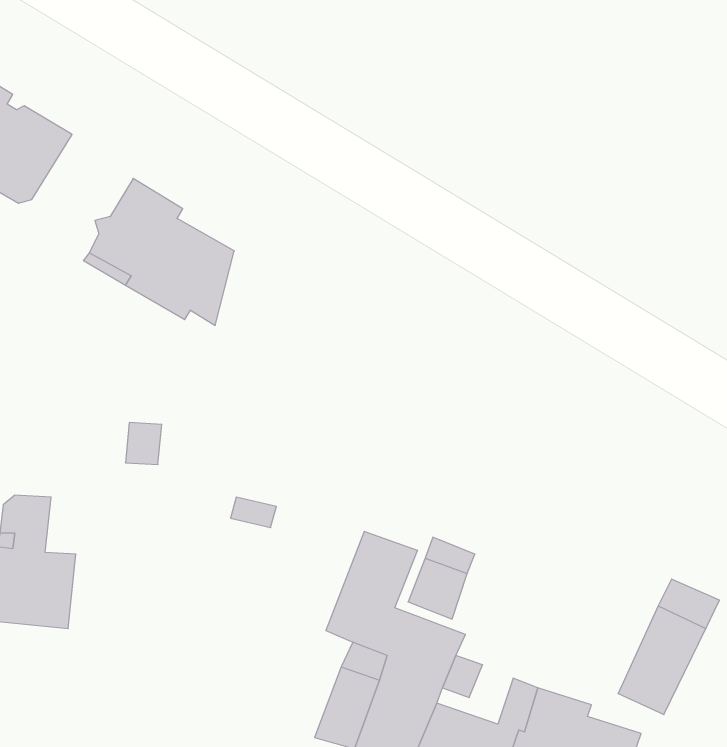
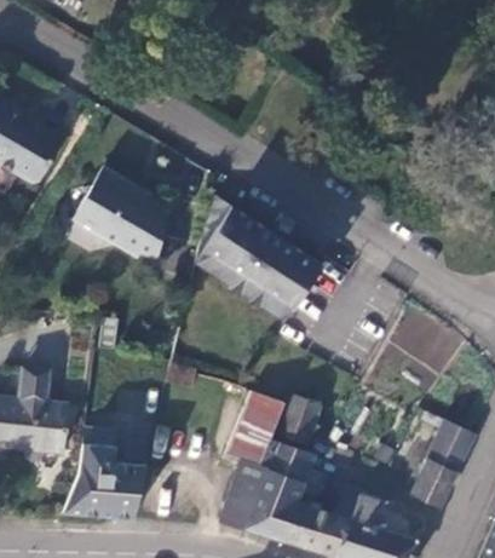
building: none -> [196,195,322,315]
building: none -> [64,427,146,519]

